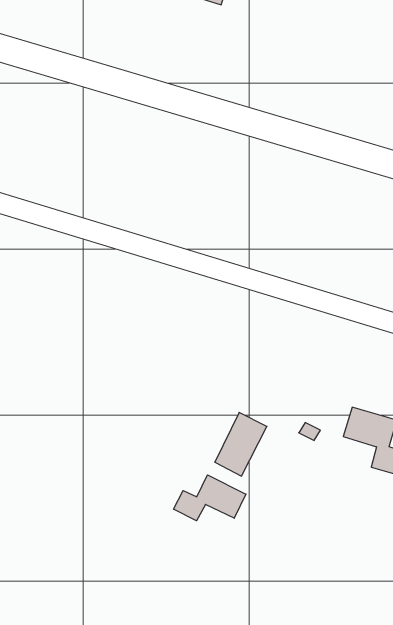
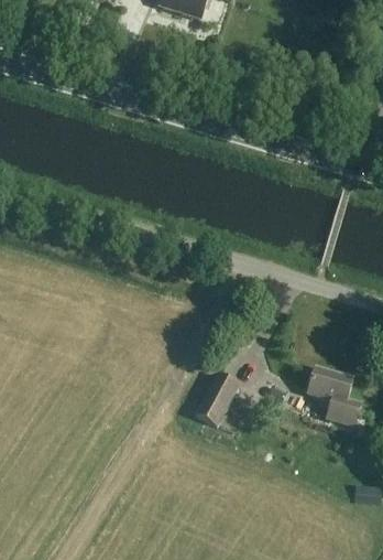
building: [174,475,246,521] -> none

